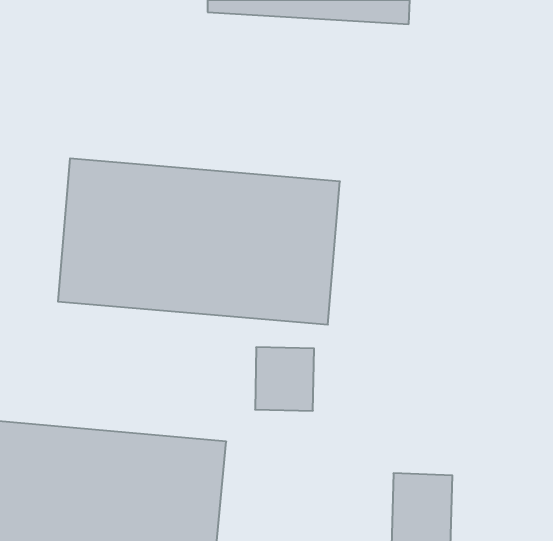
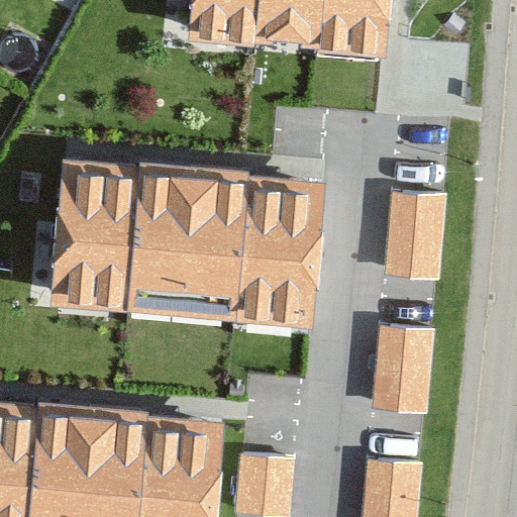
building: none -> [387,185,444,268]
building: none -> [374,319,432,410]
building: [255,347,314,411] -> [237,449,292,508]

